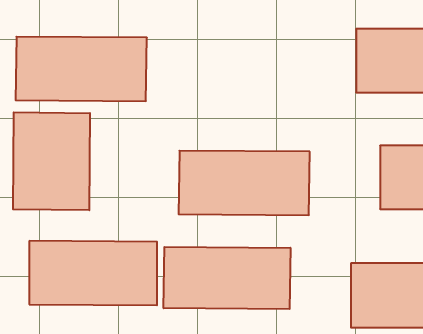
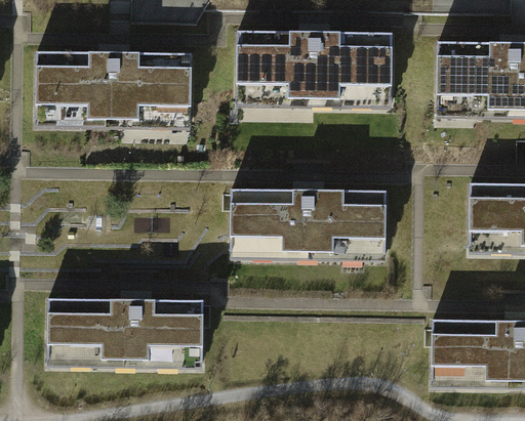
building: none -> [235,27,392,103]
building: [13,112,90,210] -> none
building: [164,247,290,309] -> none

